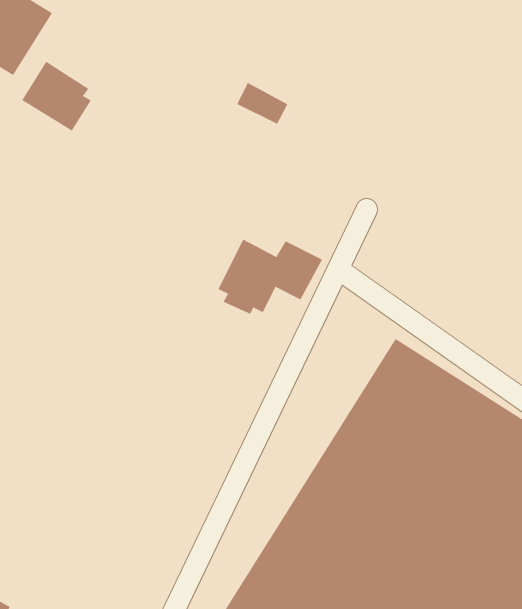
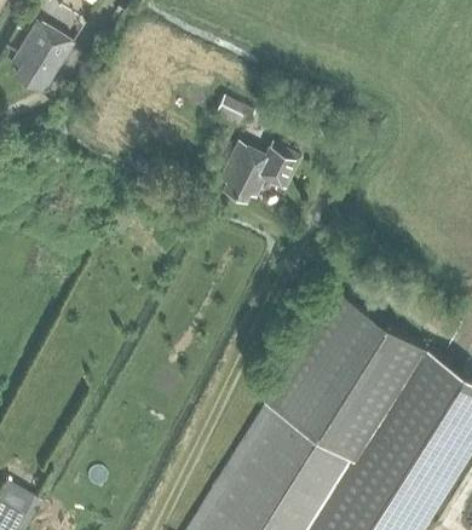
building: [21,61,92,132] -> none
building: [218,239,323,314] -> [219,143,300,201]

